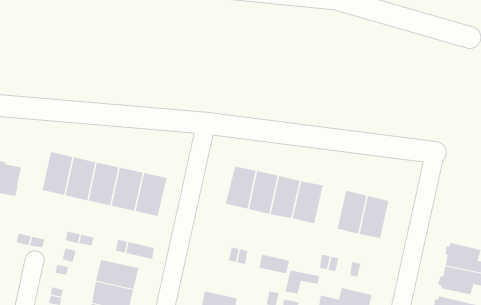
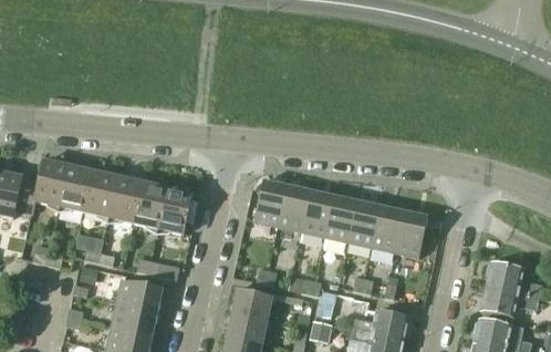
building: none -> [34,159,69,206]
building: none -> [349,200,381,247]
building: none -> [231,289,272,320]

